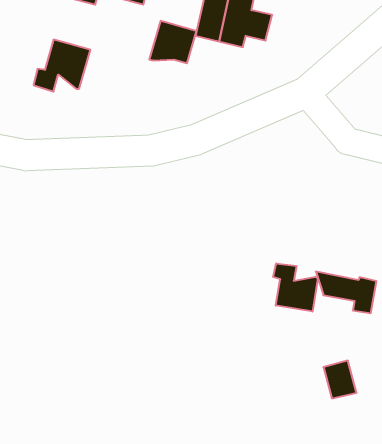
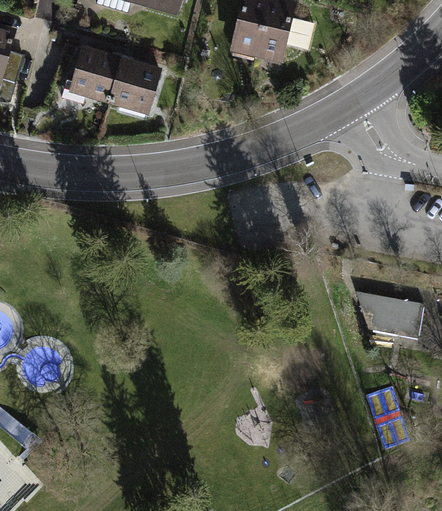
building: [149,21,197,63] -> [107,60,157,105]
building: [273,263,318,312] -> none

